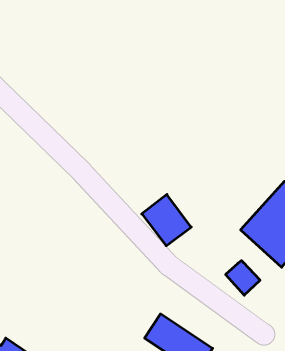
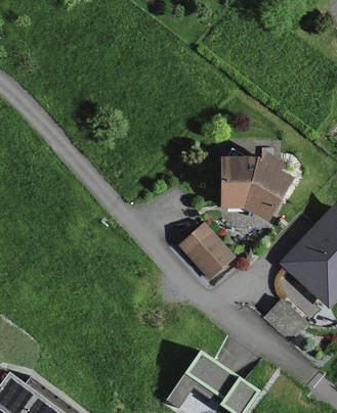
building: none -> [219,154,285,220]

